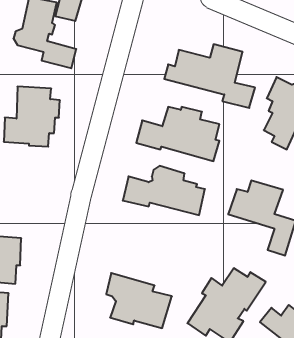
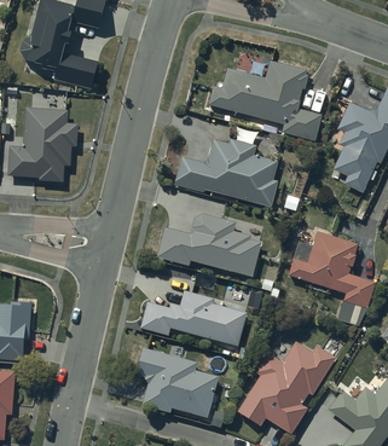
building: none -> [140,290,247,346]

